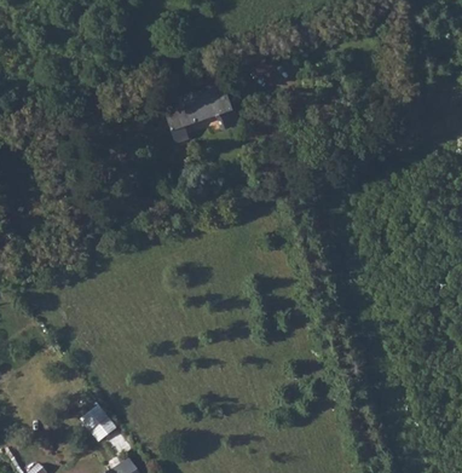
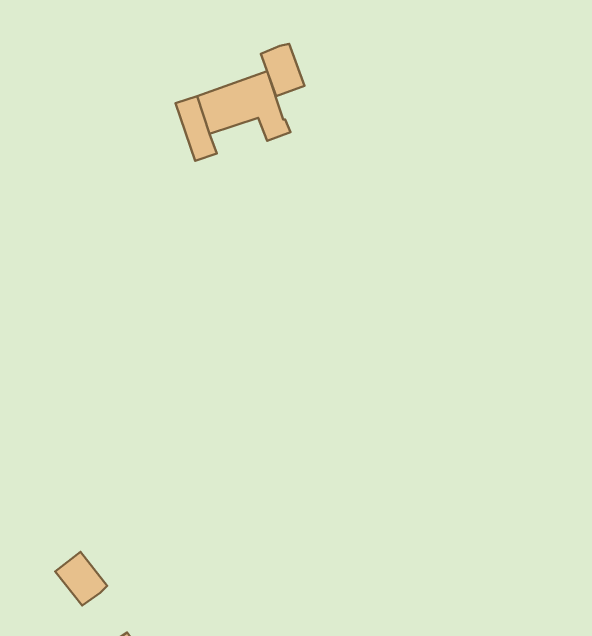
building: none -> [261,44,304,96]

